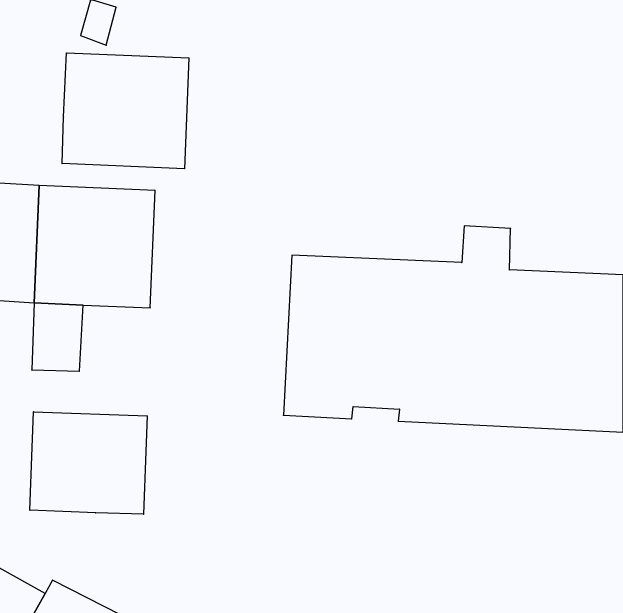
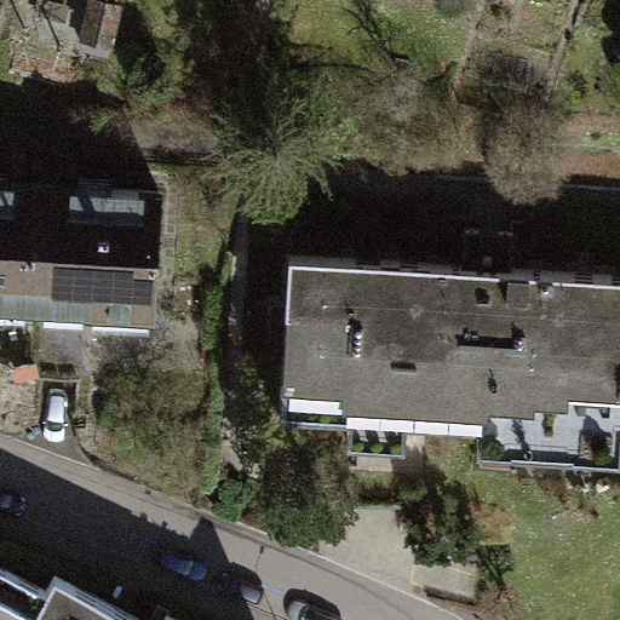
building: [62,53,189,169] -> none
building: [30,412,147,514] -> none

